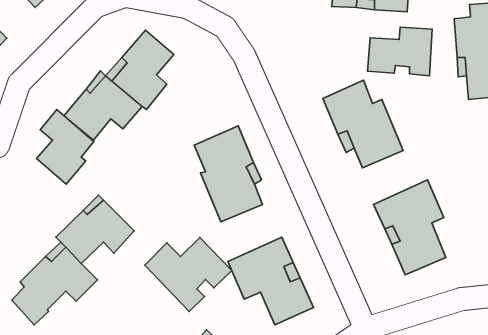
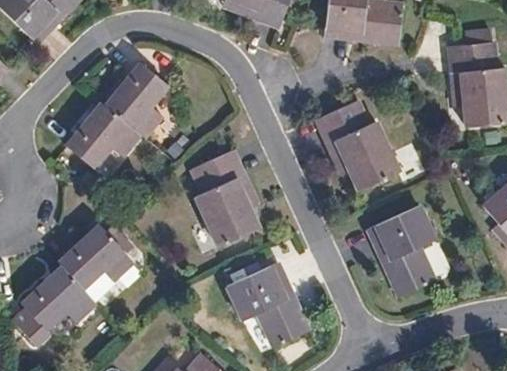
building: [368,27,432,76] -> none
building: [36,110,94,184] -> none
building: [145,237,232,312] -> none

